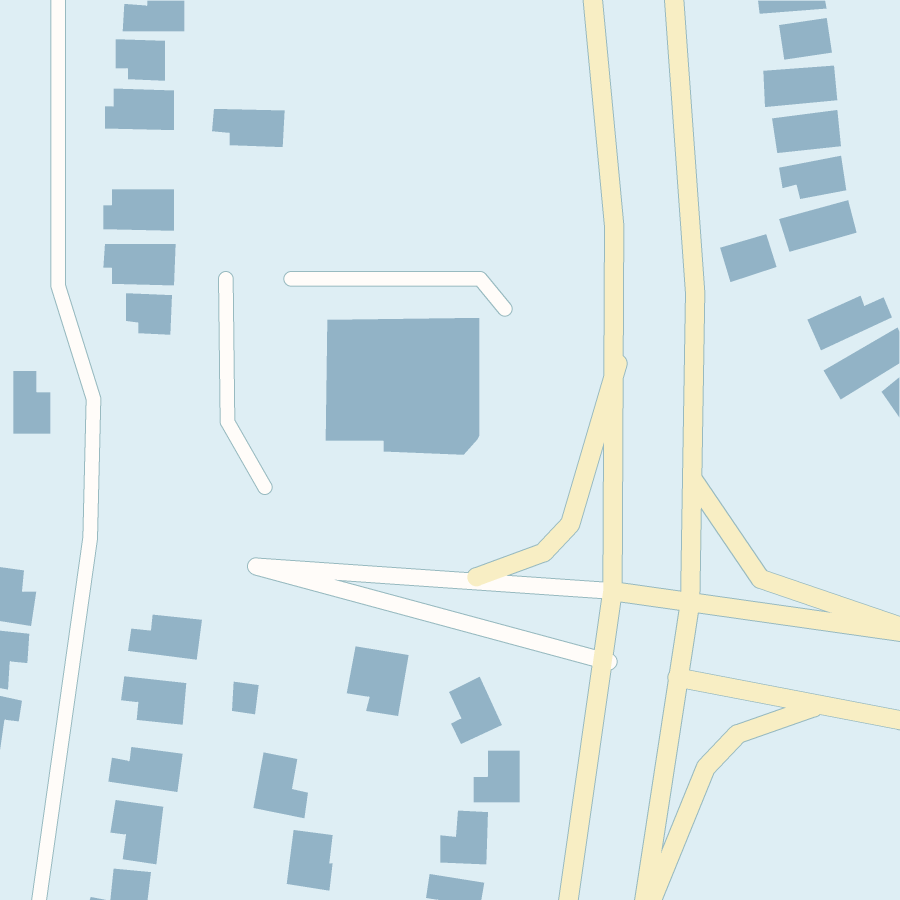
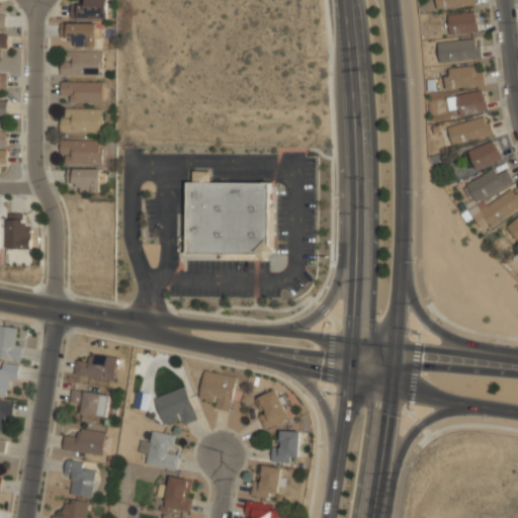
building: [211,109,285,147] -> [60,82,102,104]
building: [719,233,777,283] -> [467,141,501,169]
building: none -> [155,387,194,427]

